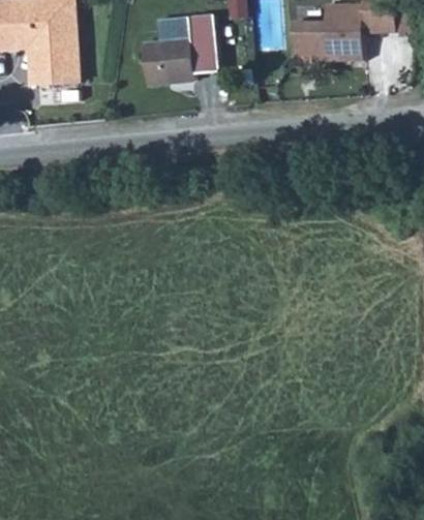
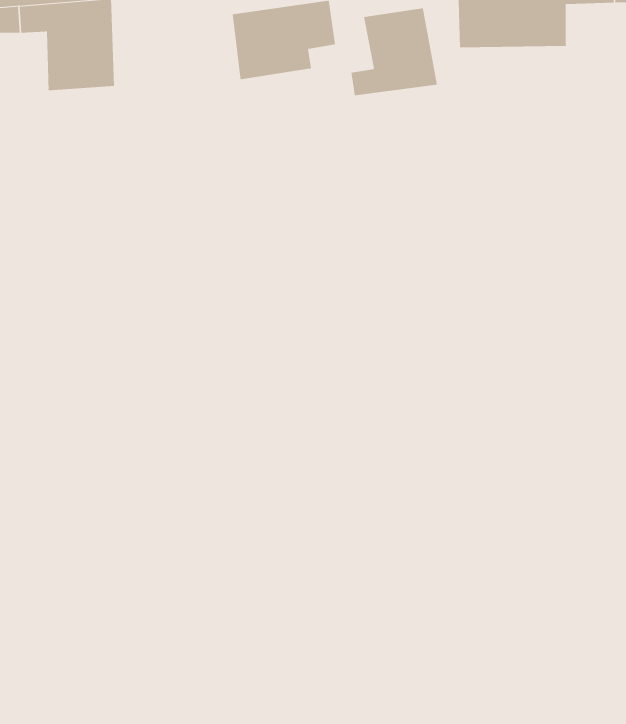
building: none -> [351,8,438,96]

